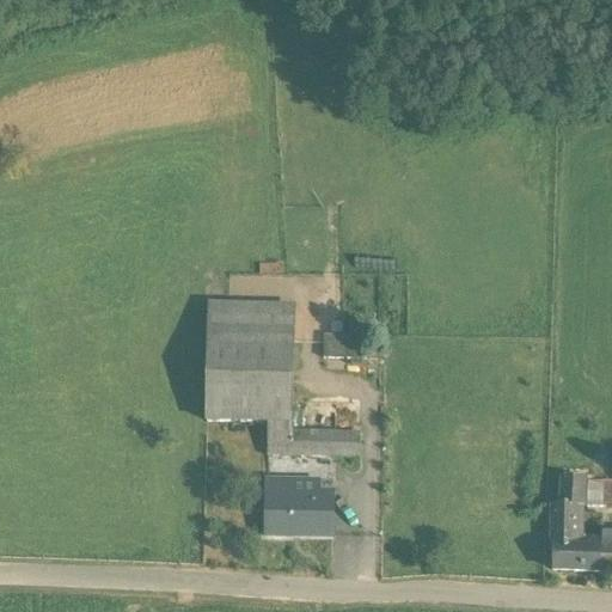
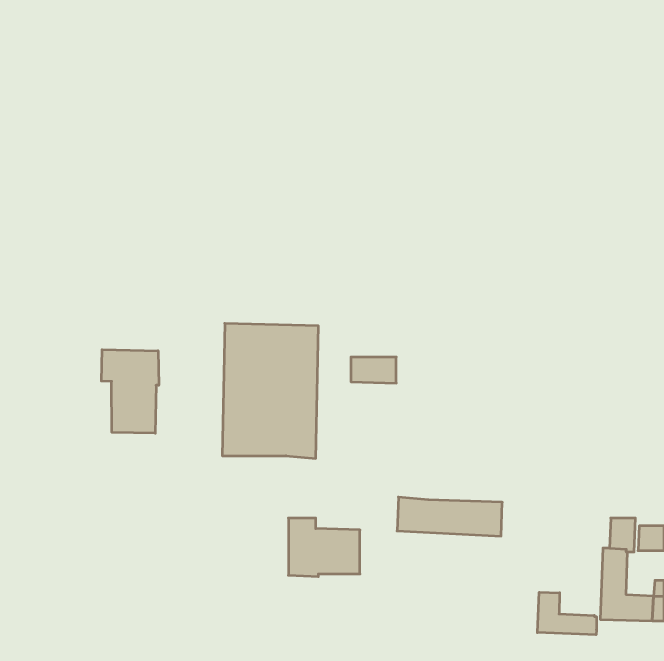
building: none -> [101,350,159,433]
building: [262,420,359,455] -> [397,497,502,536]
building: none -> [537,592,596,635]

